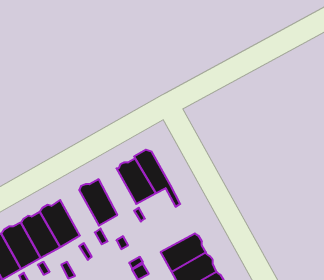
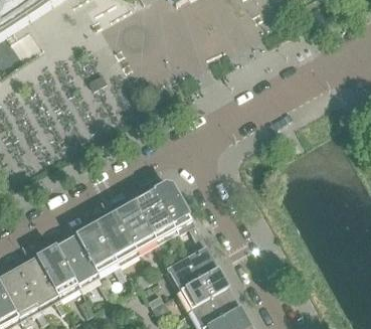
building: none -> [118,199,156,246]
building: none -> [78,221,118,268]
building: none -> [170,235,216,285]

